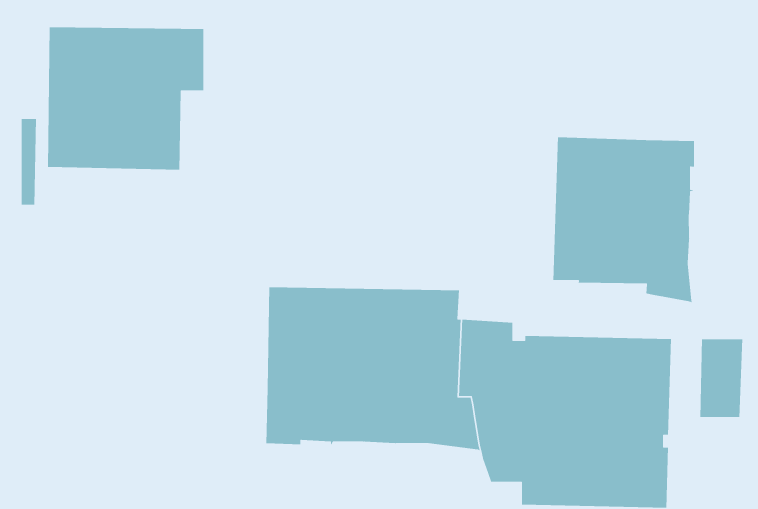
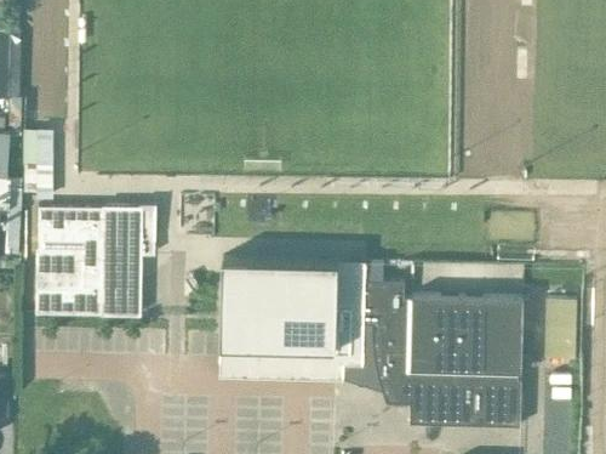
building: [47,26,204,171] -> [35,208,153,316]
building: [552,137,695,303] -> none

